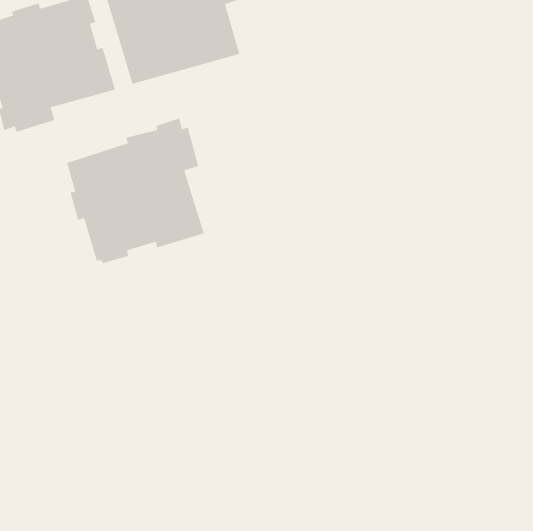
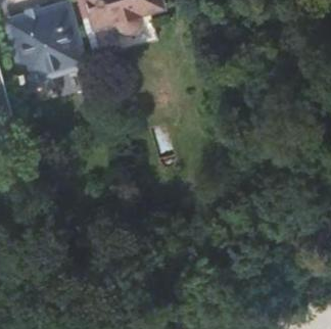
building: [67,118,205,264] -> none

